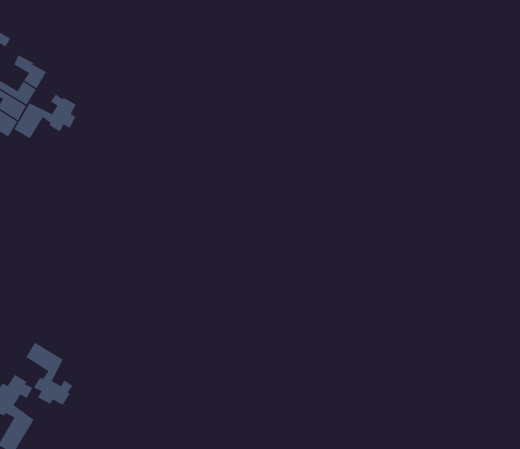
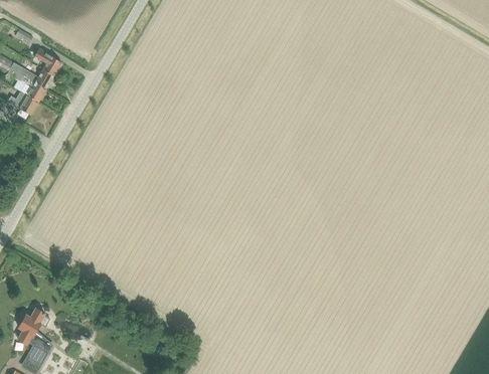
building: [13,94,76,139] -> none
building: [25,342,73,405] -> none

